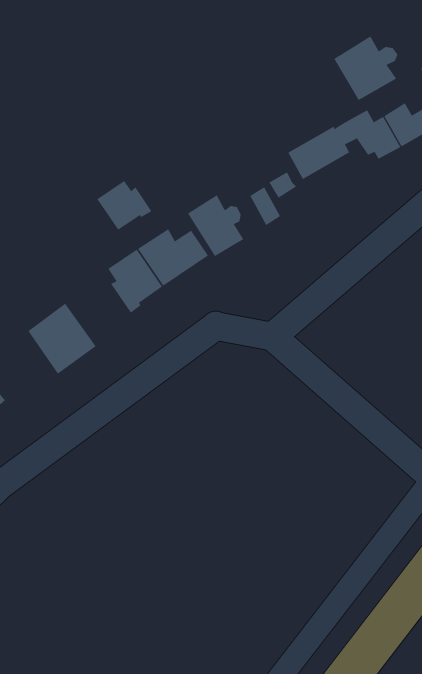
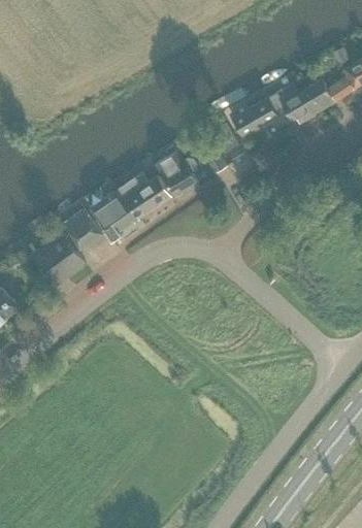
building: [333,36,398,101] -> none
building: [97,180,152,230] -> none
building: none -> [67,217,102,251]

